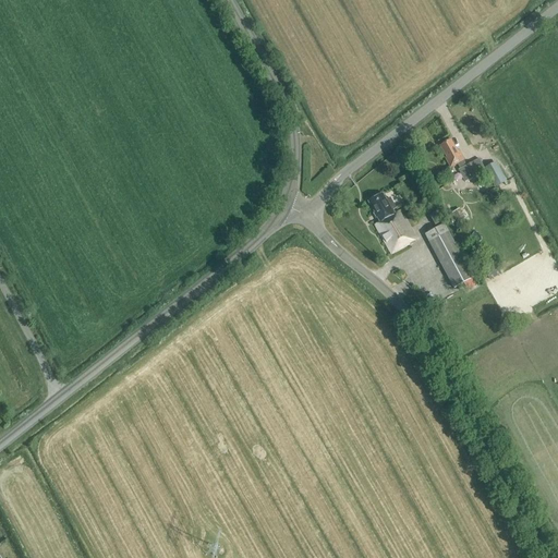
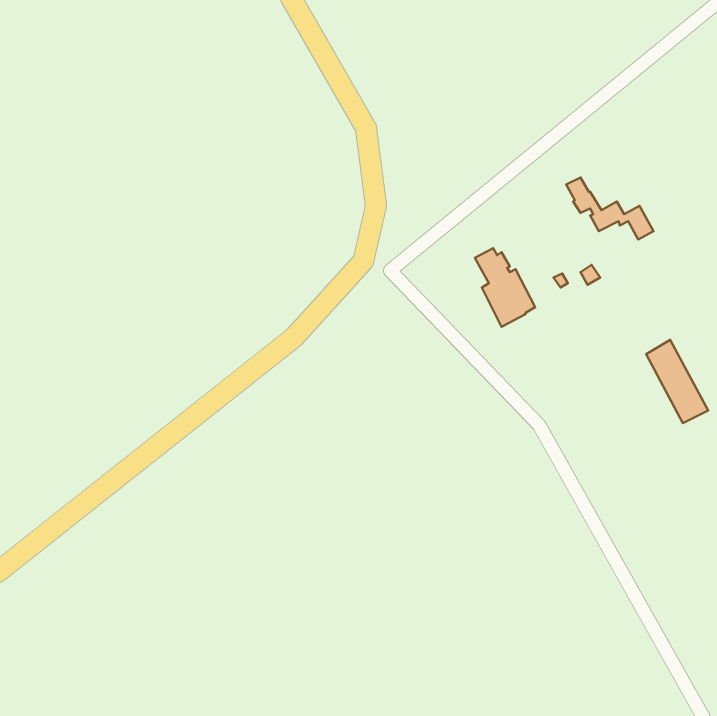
building: [424,221,472,286] -> [646,340,708,423]

